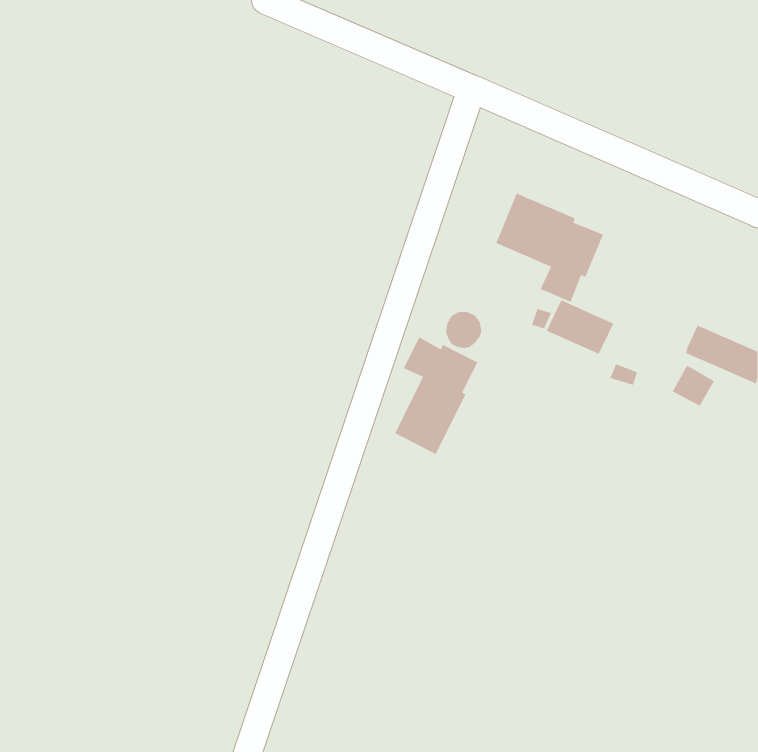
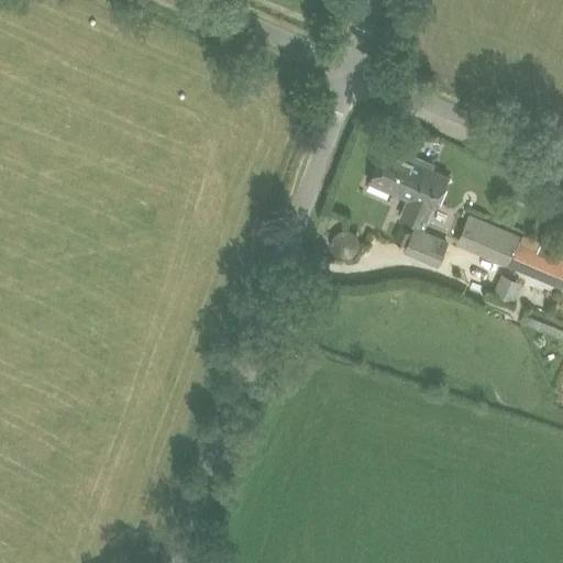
building: none -> [462,222,517,262]
building: [394,337,478,455] -> none

